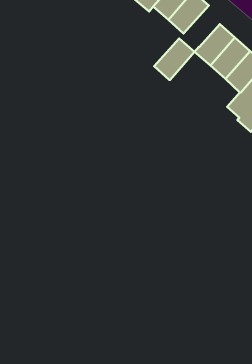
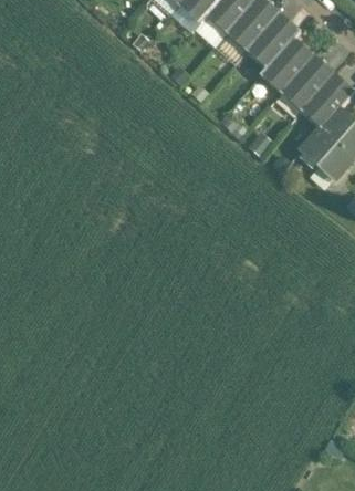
building: [154,38,194,80] -> [247,14,300,69]

